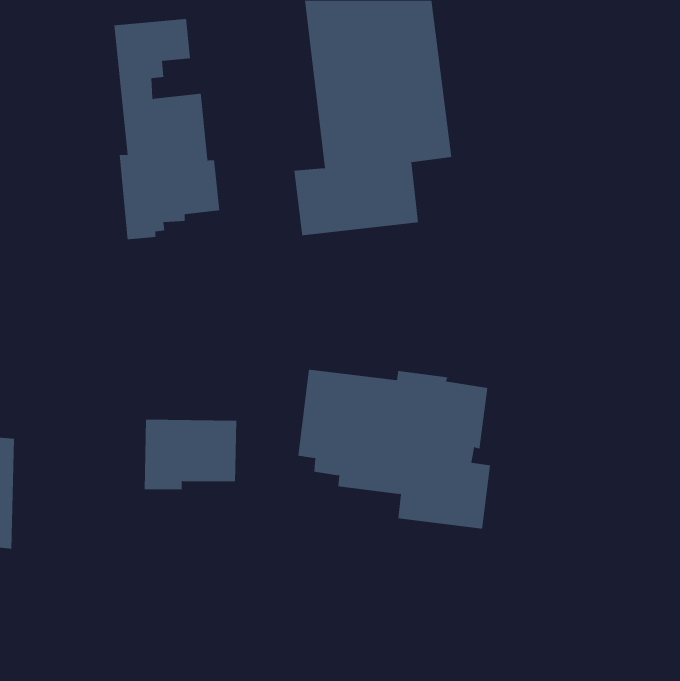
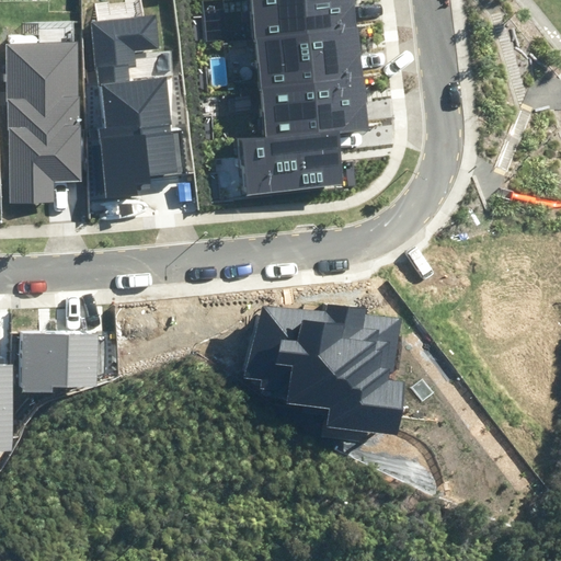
building: none -> [5,42,79,203]
building: [144,419,237,490] -> [20,334,96,392]

